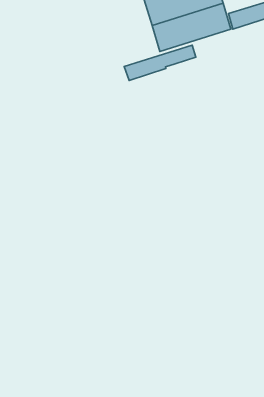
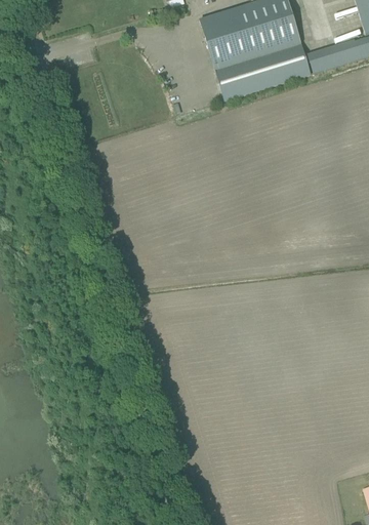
building: [124,45,196,81] -> none

